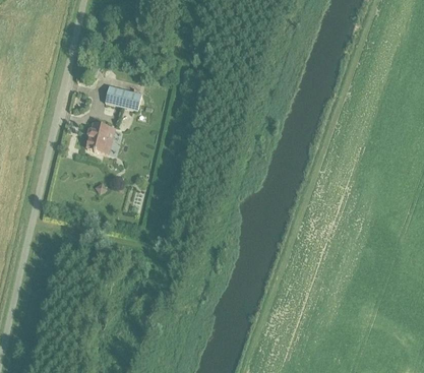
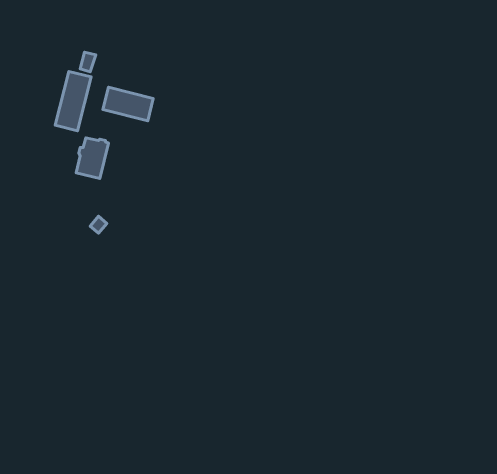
building: none -> [55,71,91,131]

